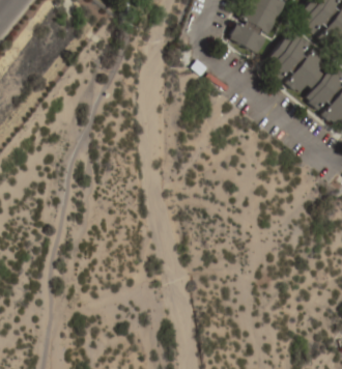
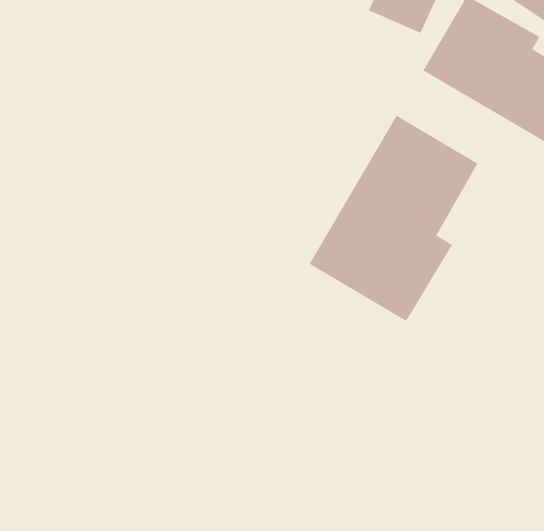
building: none -> [309,115,478,322]

